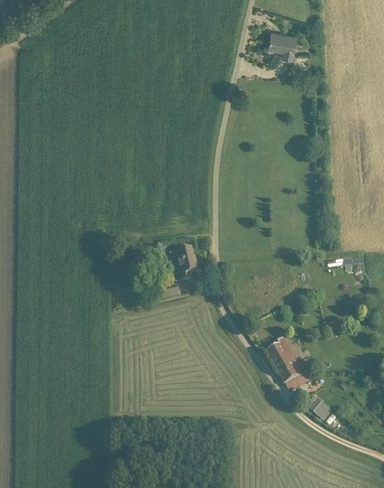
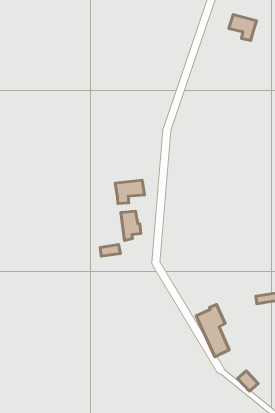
building: none -> [115,180,144,203]

